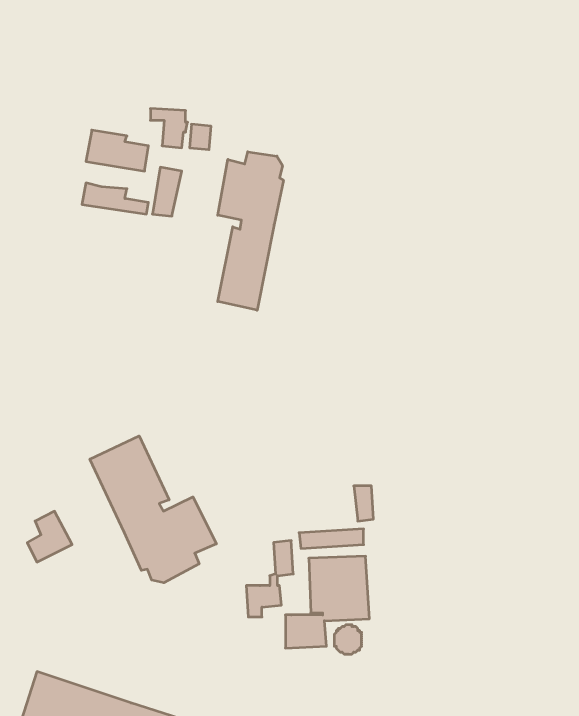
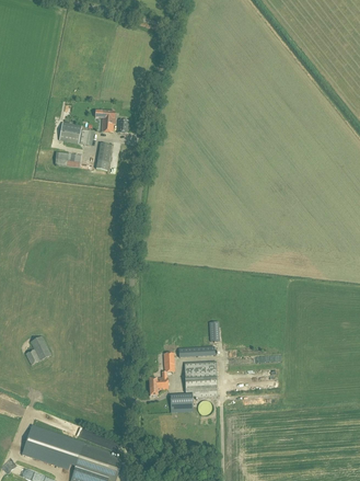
building: [218,152,283,310] -> none
building: [90,436,216,583] -> none

